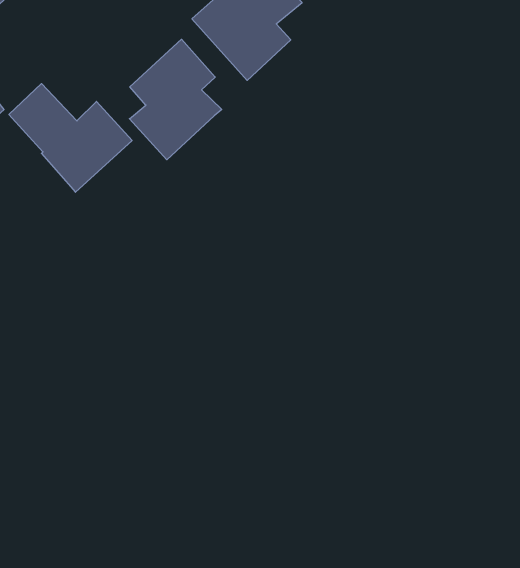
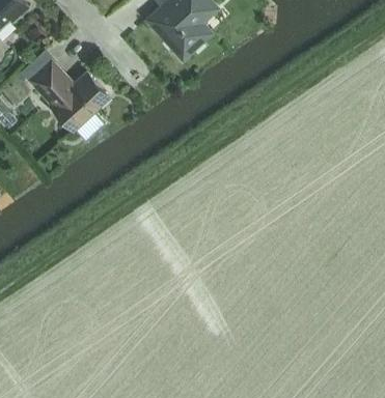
building: [129,39,222,160] -> none

